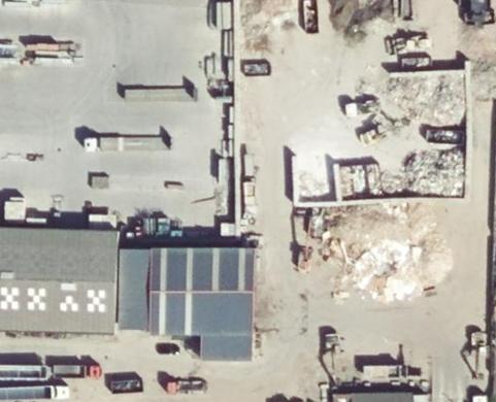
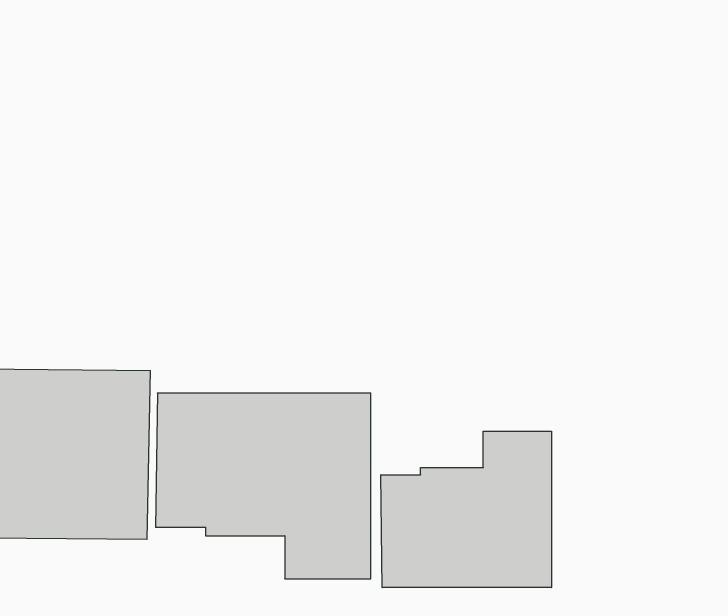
building: none -> [381,431,551,588]

